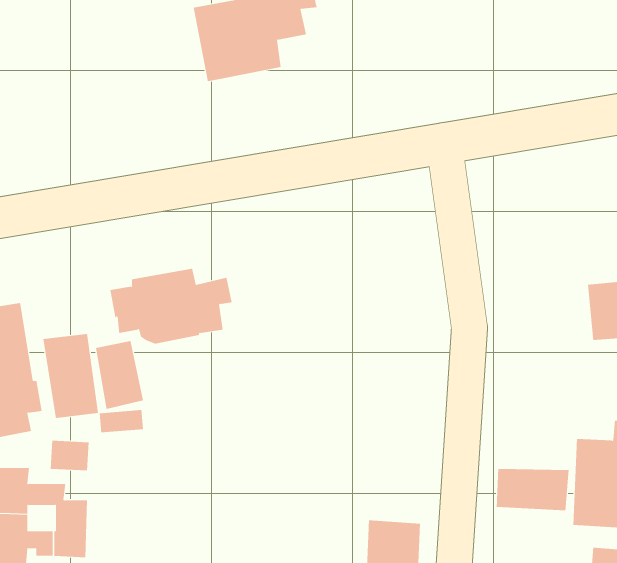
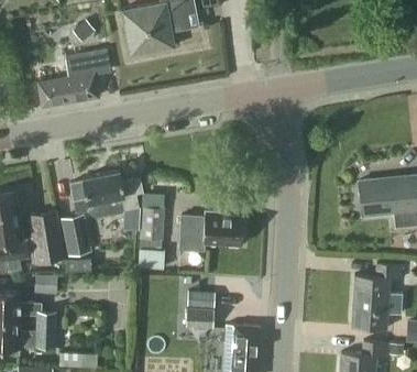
building: none -> [37,48,110,108]
building: none -> [138,207,163,270]
building: none -> [179,210,242,251]
building: none -> [177,291,213,329]
building: [496,468,569,511] -> none

